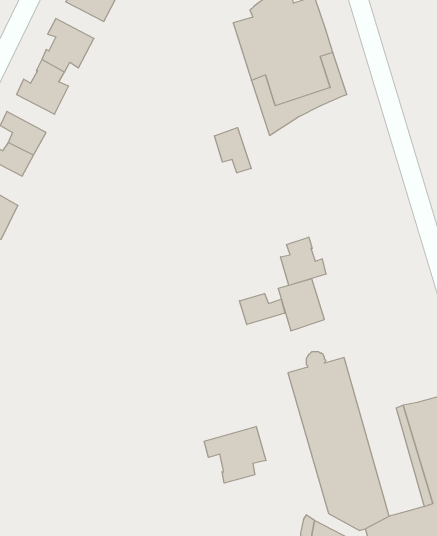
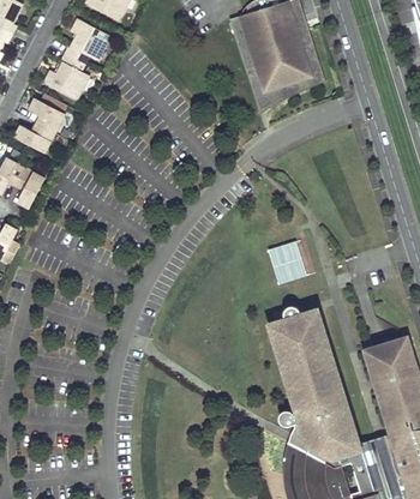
building: [214,128,251,173] -> none
building: [281,237,326,285] -> none
building: [239,294,285,325] -> none
building: [204,426,266,483] -> none

